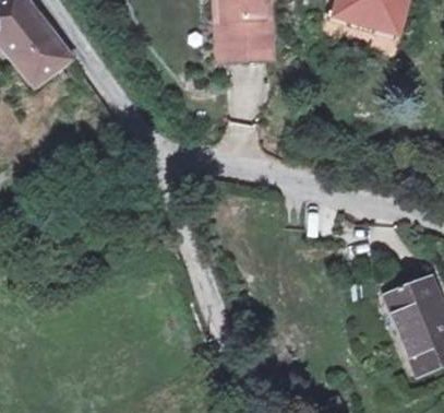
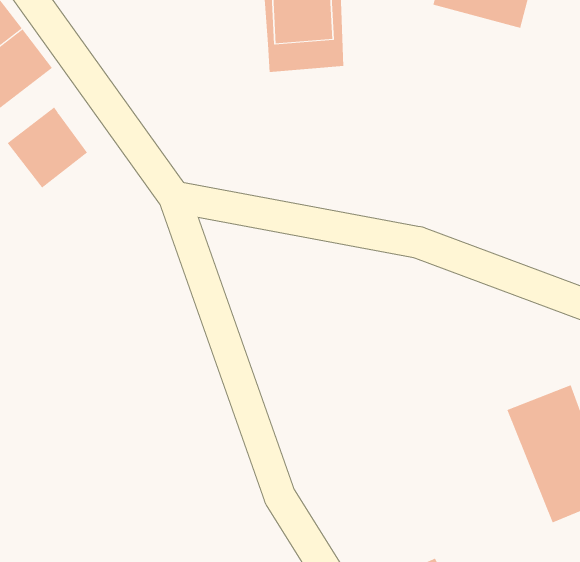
building: none -> [7,106,88,188]

